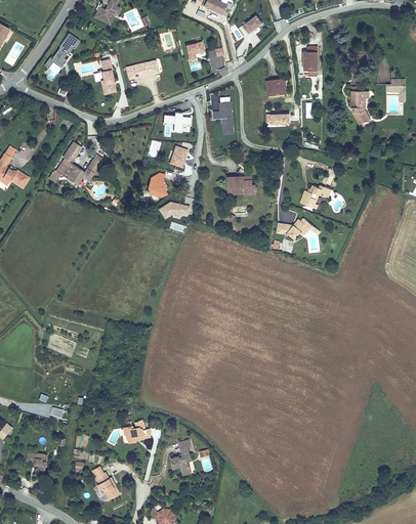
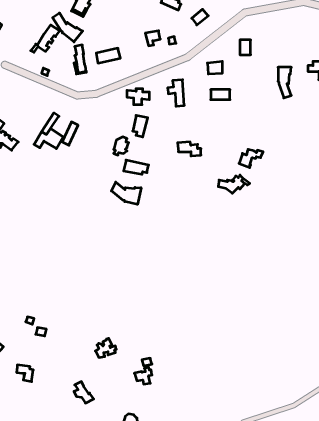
building: none -> [53,13,83,42]
building: none -> [111,182,141,204]

